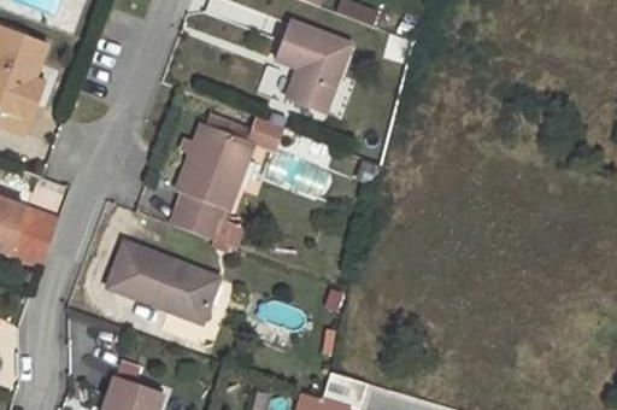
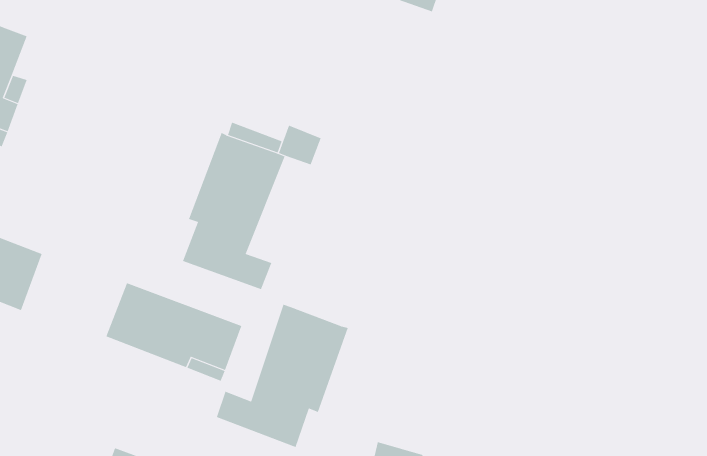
building: [278,22,349,109] -> none
building: none -> [216,304,348,448]

